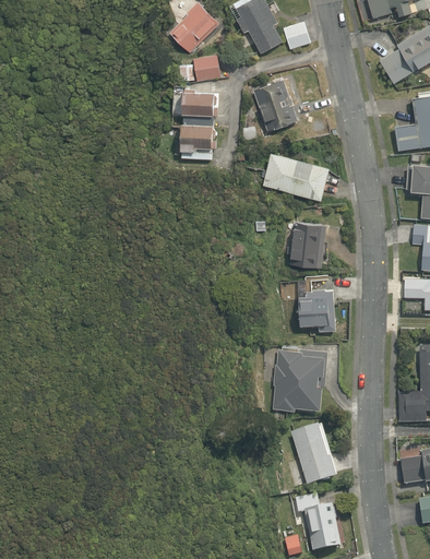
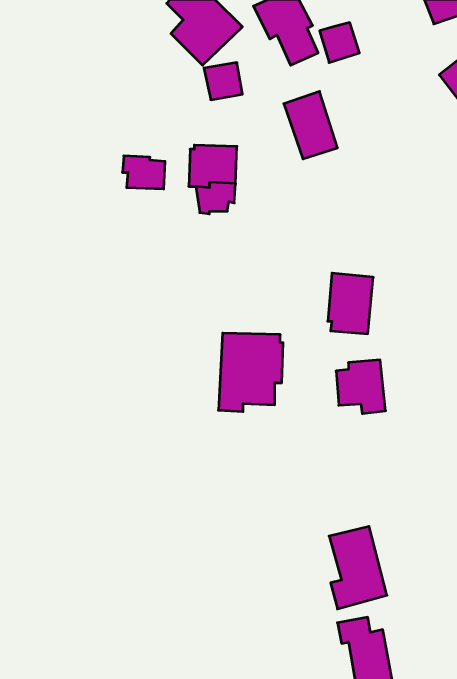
building: [176,85,210,111] -> [122,156,165,189]
building: [259,150,327,199] -> none
building: [275,349,326,412] -> [218,333,283,412]

